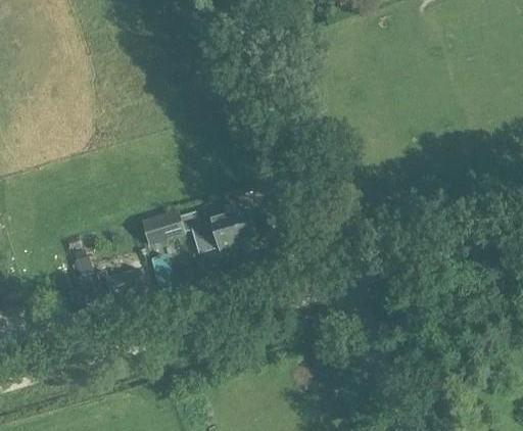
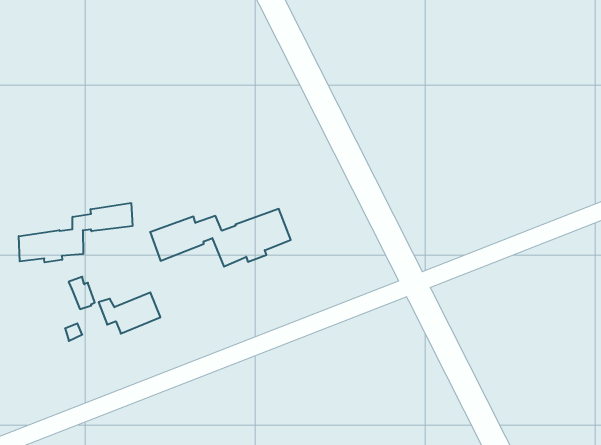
building: none -> [19,203,132,262]

